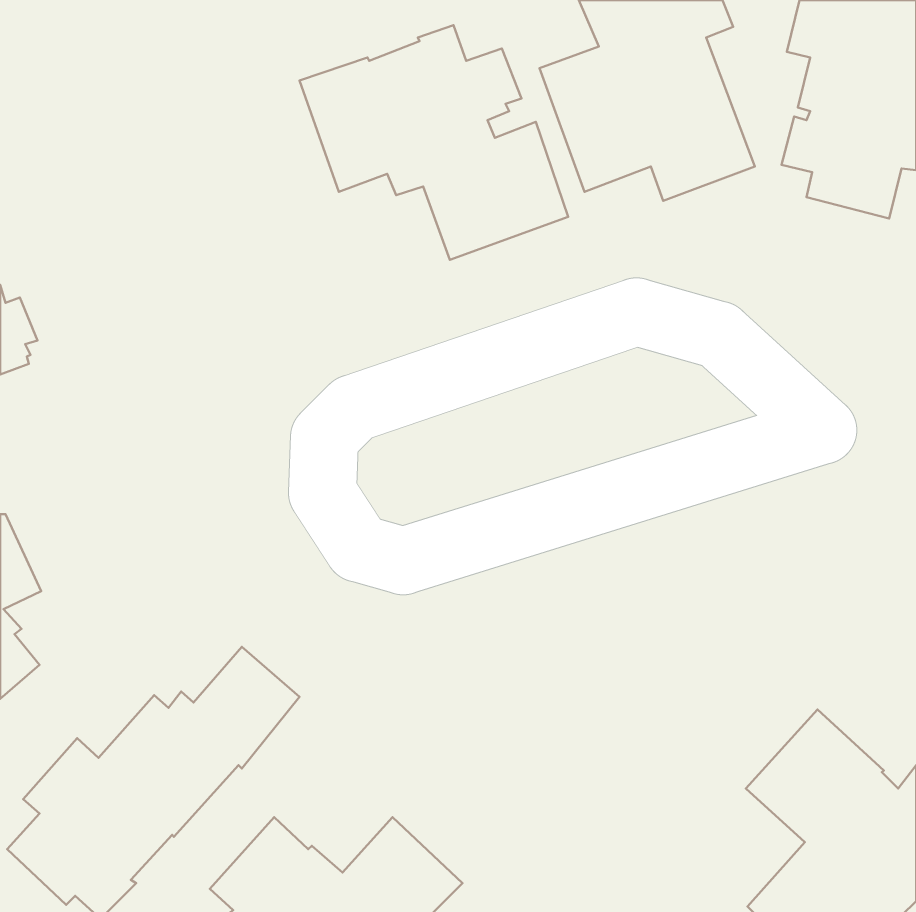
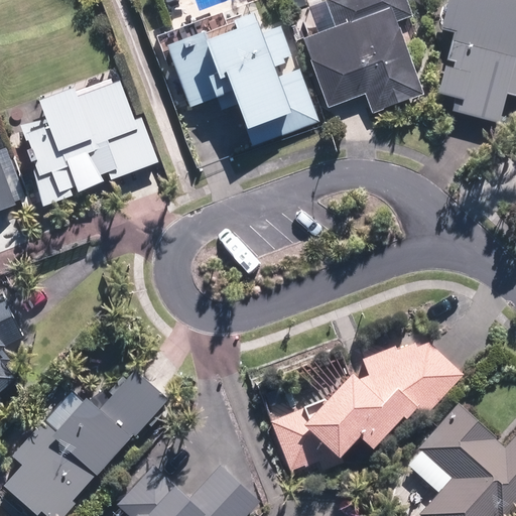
building: none -> [20,84,159,209]
building: none -> [271,340,465,468]

